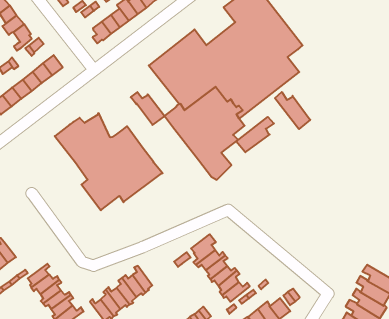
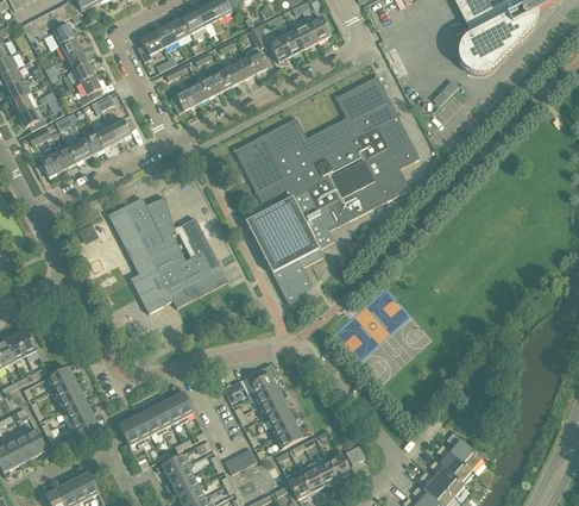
building: [275,92,310,129] -> none
building: [131,92,165,125] -> none
building: [236,117,274,152] -> none

